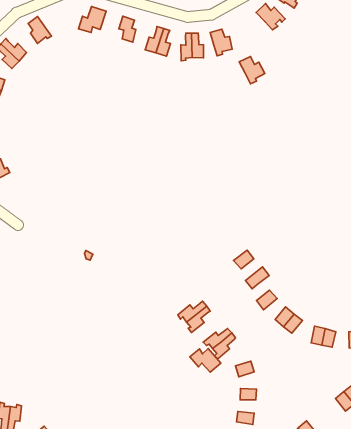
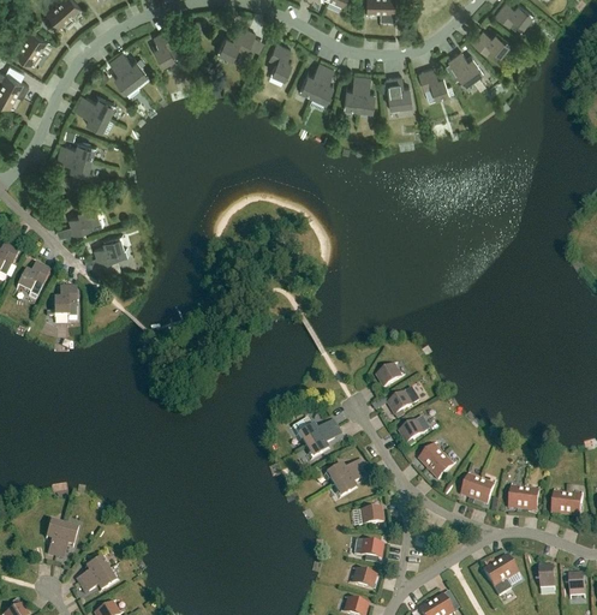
building: [239,57,265,84] -> [418,67,449,102]
building: none -> [94,234,130,263]
building: [190,349,221,372] -> none

